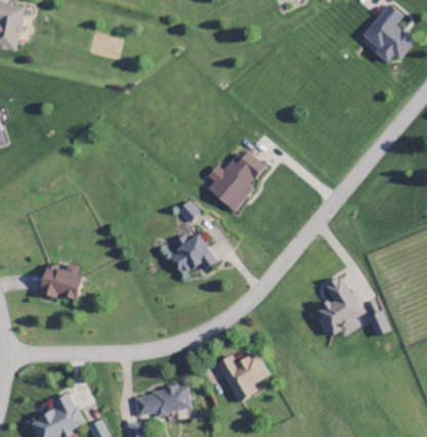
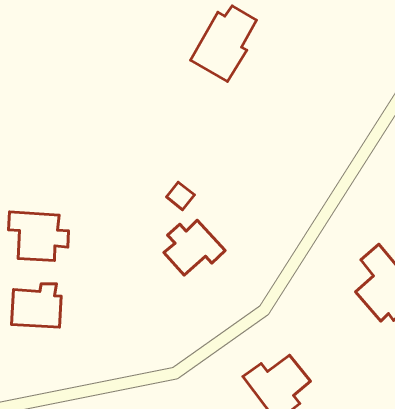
building: [208,150,265,210] -> [191,6,256,81]
building: none -> [8,212,69,260]

